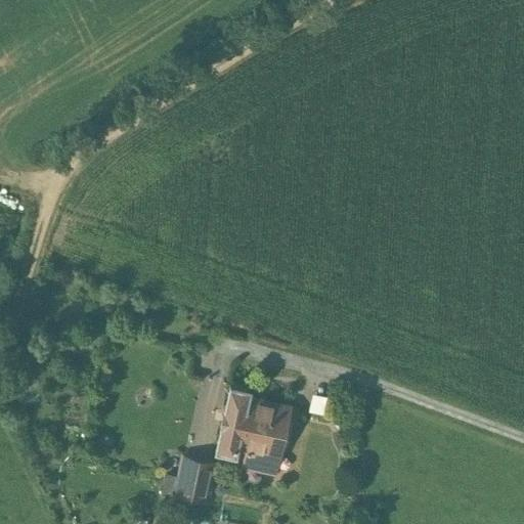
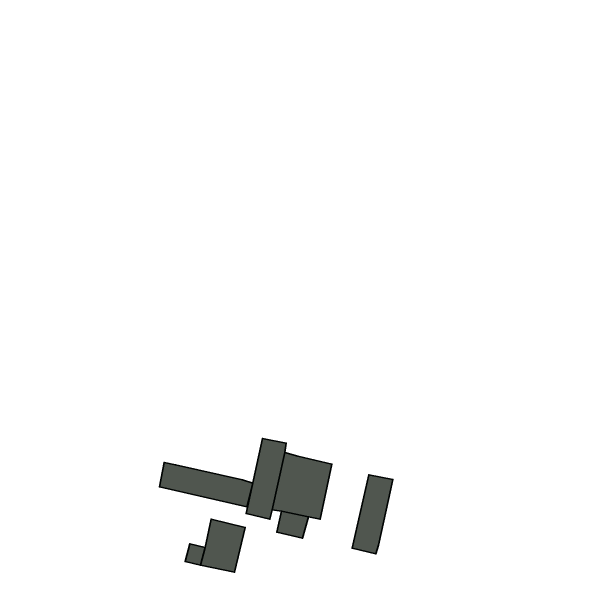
building: none -> [160,462,253,507]
building: none -> [352,475,393,554]

